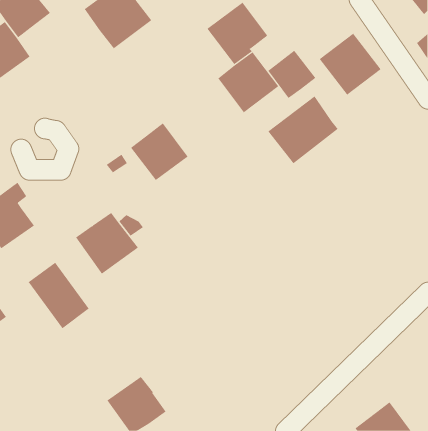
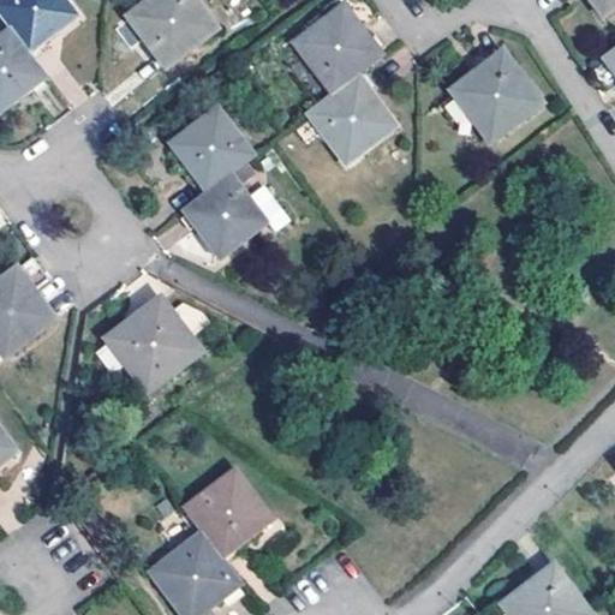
building: [267,50,316,99] -> none
building: none -> [172,111,253,193]
building: [267,96,338,164] -> none
building: [28,262,89,329] -> none
building: none -> [186,472,270,557]

